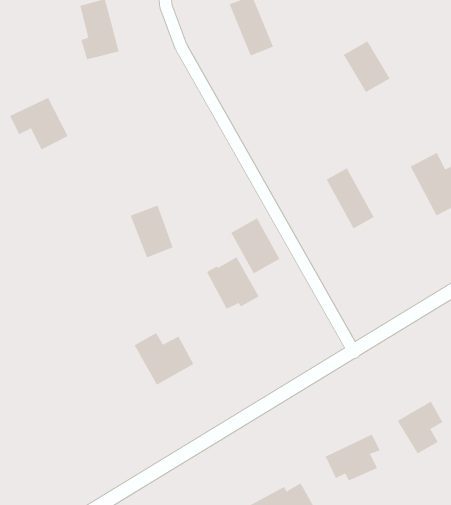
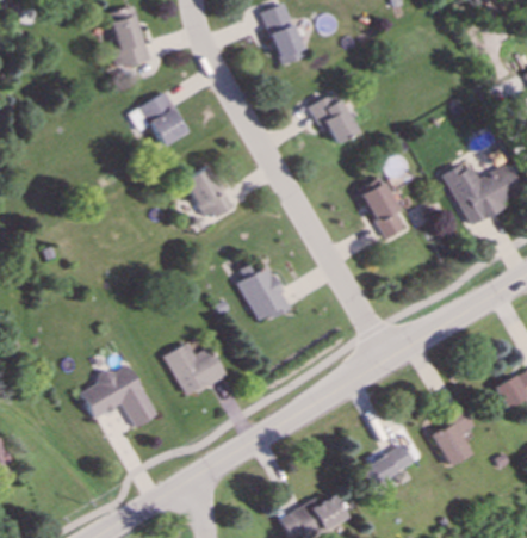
building: [343,41,390,93] -> [310,92,358,144]
building: [9,97,69,150] -> [129,92,188,146]
building: [130,205,174,258] -> [185,166,229,219]
building: [230,217,280,274] -> none
building: none -> [81,363,156,426]

